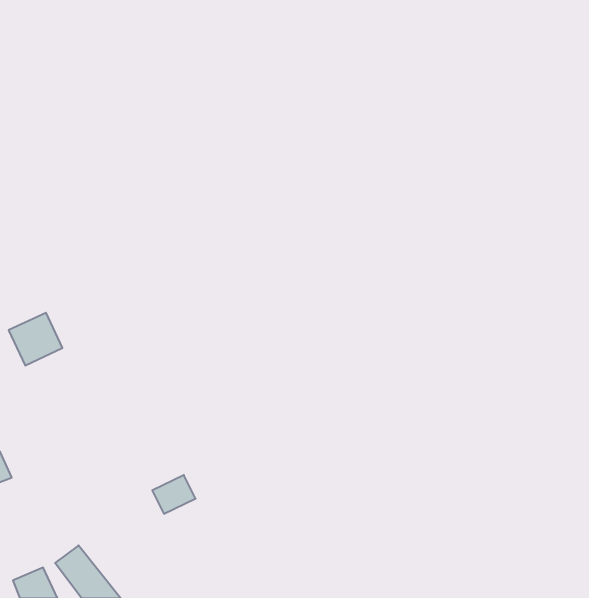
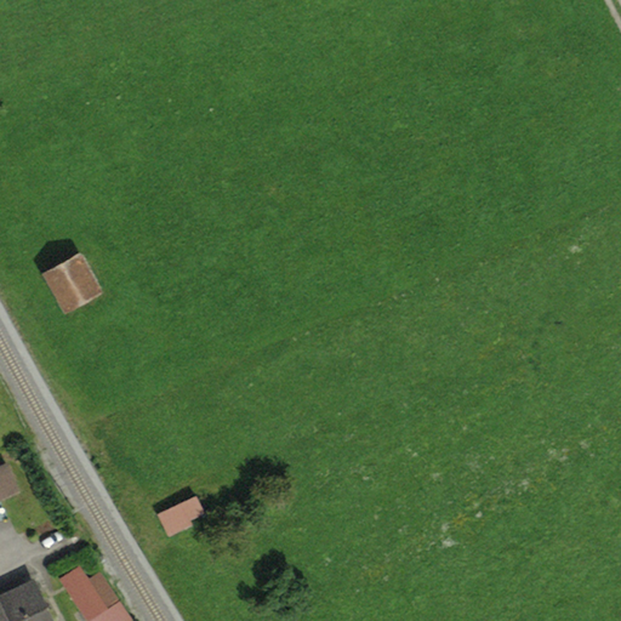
building: [9,313,62,365] -> [42,260,98,314]

